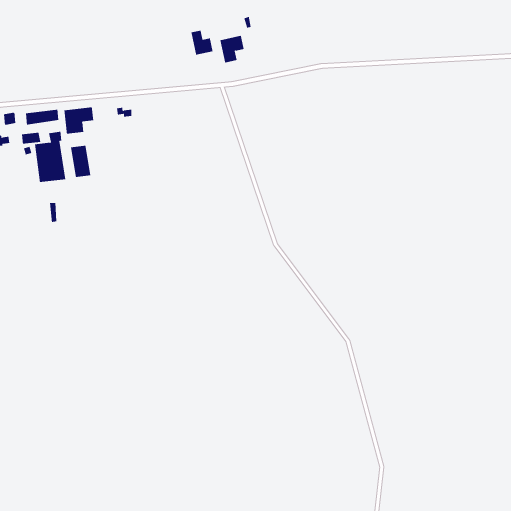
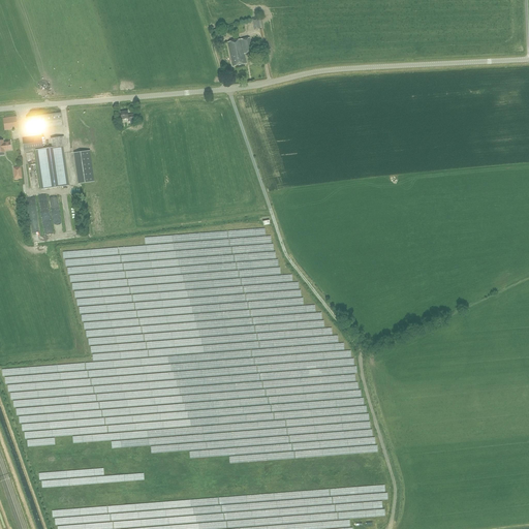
building: [191,30,213,55] -> none
building: [64,106,94,135] -> none

